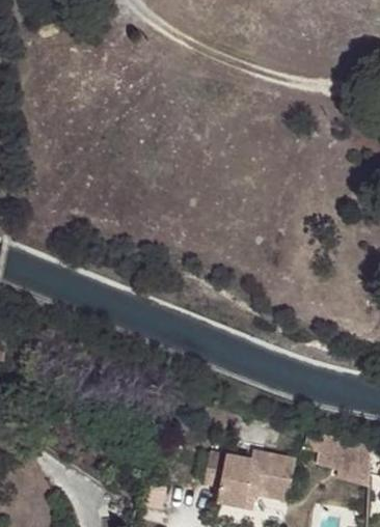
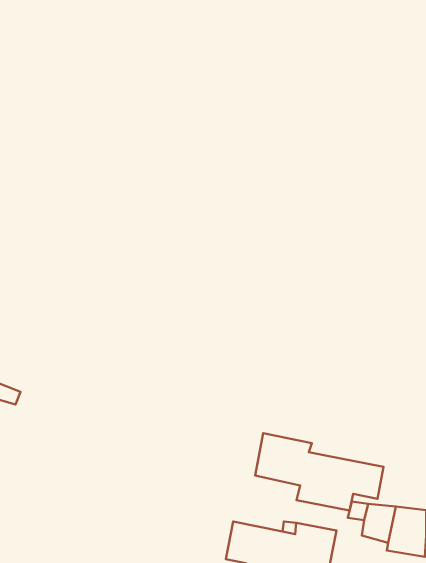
building: none -> [255,433,383,511]

